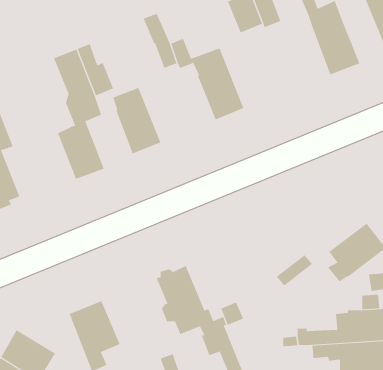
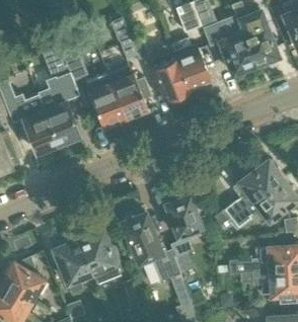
building: none -> [219,28,254,74]
building: none -> [170,38,210,91]
building: none -> [107,66,148,117]
building: none -> [16,94,59,154]
building: none -> [233,160,283,202]
building: none -> [165,194,206,237]
building: none -> [79,229,122,285]

